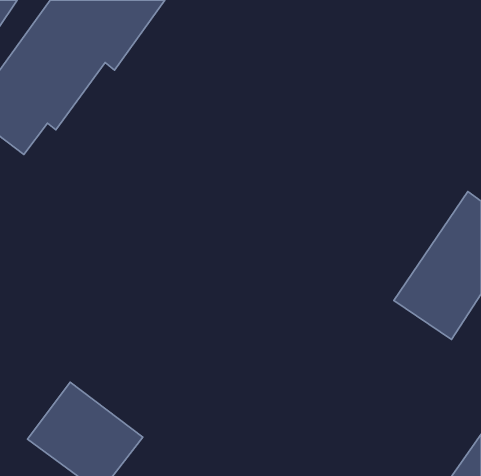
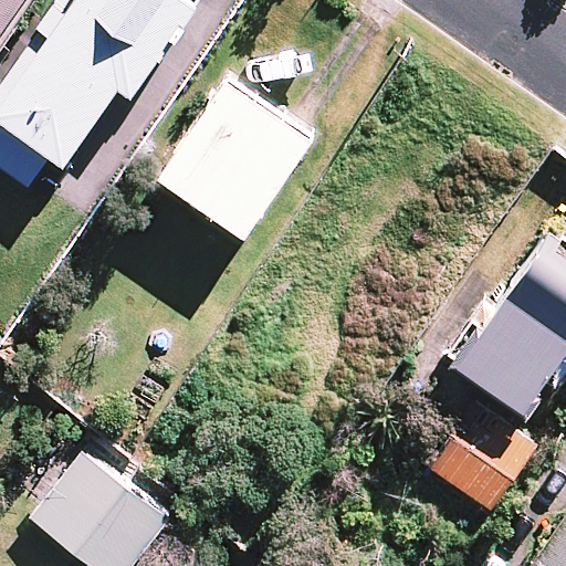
building: none -> [164,80,313,233]
building: none -> [428,413,527,512]

